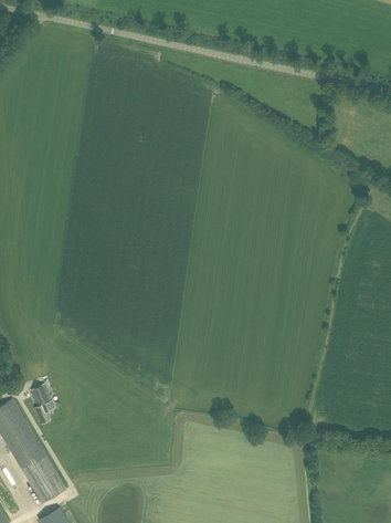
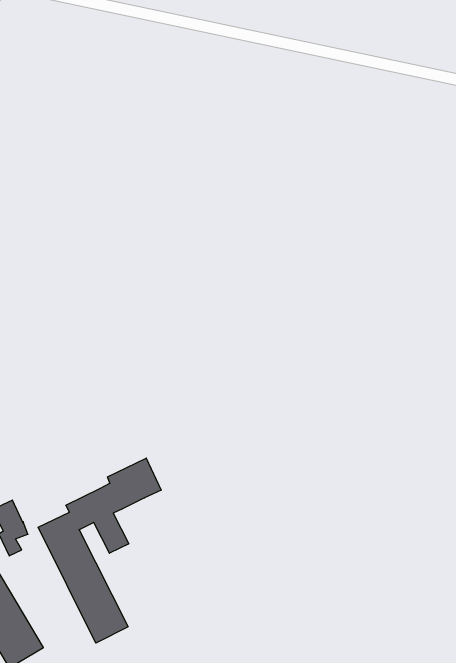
building: none -> [38,458,161,643]

